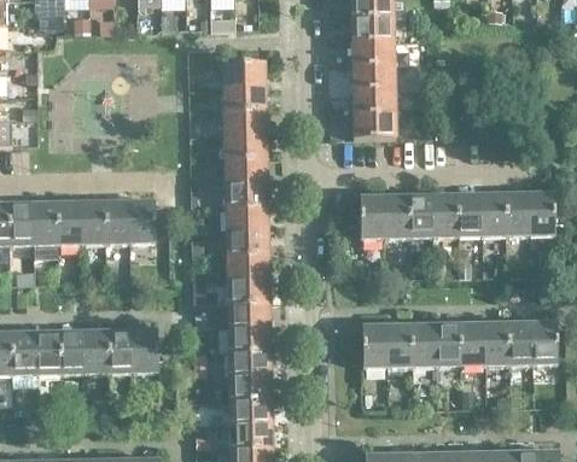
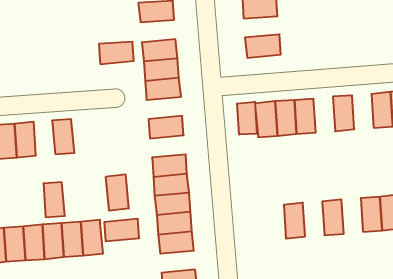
building: [222,84,264,110] -> [99,42,134,64]
building: [351,88,395,112] -> none
building: [223,181,267,206] -> none
building: [432,193,456,236] -> none
building: [480,193,505,235] -> none
building: none -> [237,102,257,135]
building: [128,199,155,242] -> [106,175,129,210]
building: [81,200,105,242] -> [43,182,65,217]
building: [225,229,268,255] -> none
building: [459,322,483,365] -> none
building: [410,323,435,365] -> none
building: [361,324,386,367] -> none
building: [228,374,270,399] -> [104,219,139,241]

